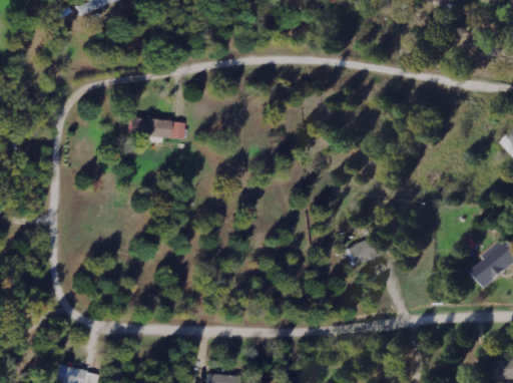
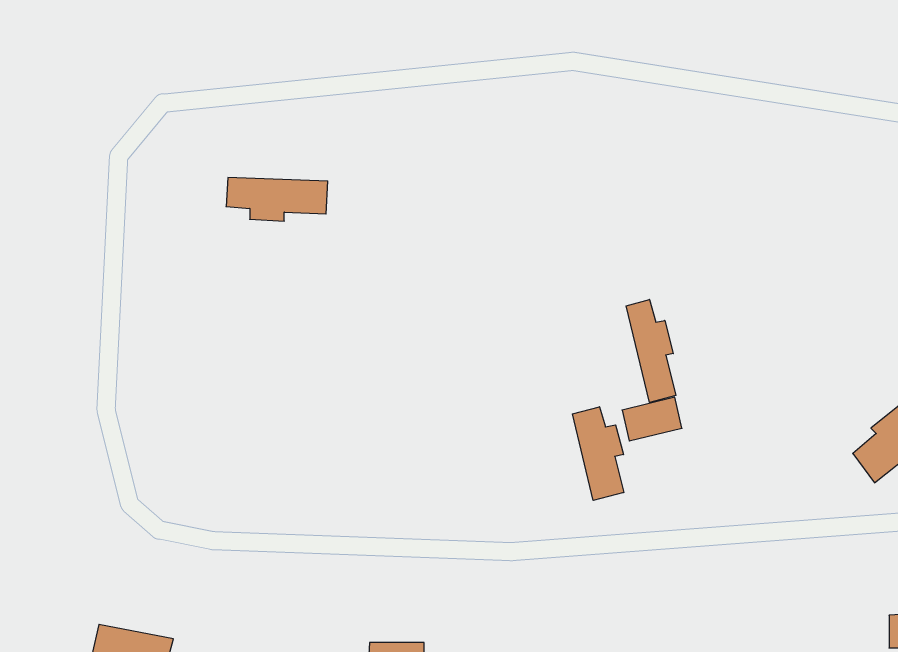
building: none -> [626,299,676,402]
building: none -> [572,407,624,500]

